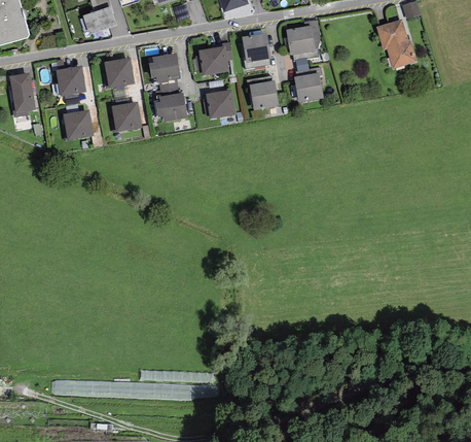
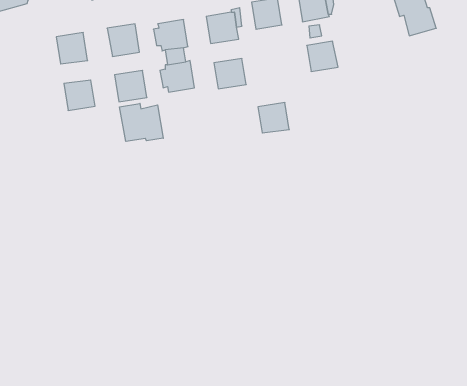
building: [9,72,35,116] -> none
building: [249,80,279,109] -> [258,103,289,133]
building: none -> [120,103,163,141]

